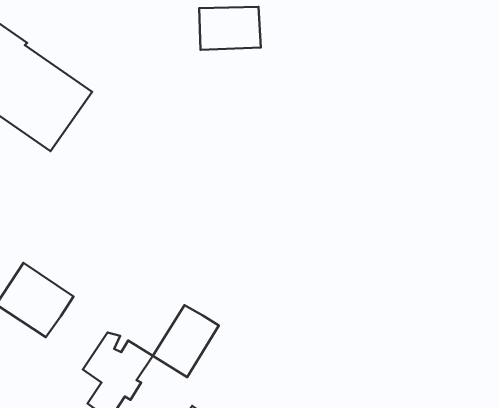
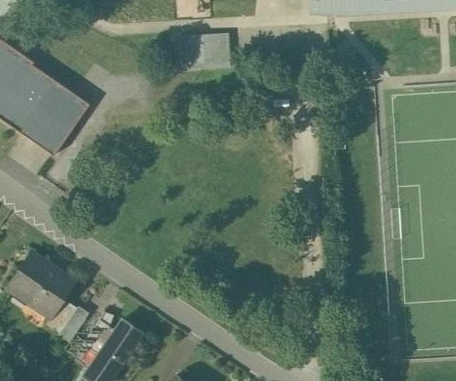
building: [153,305,219,377] -> none
building: none -> [44,298,77,335]

